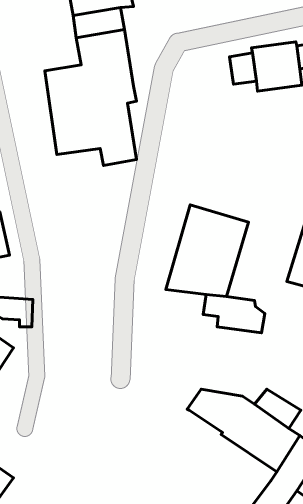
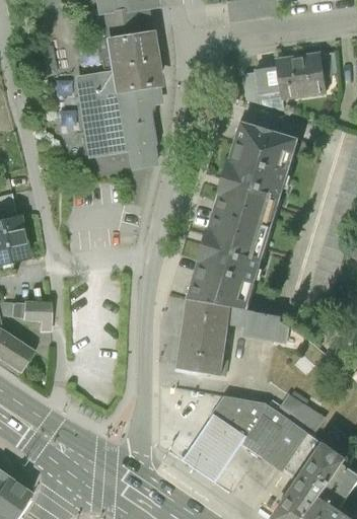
building: none -> [239,70,283,109]
building: none -> [213,123,299,229]
building: none -> [181,297,229,372]
building: none -> [184,419,244,481]

